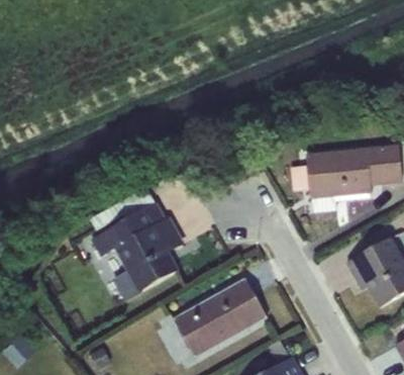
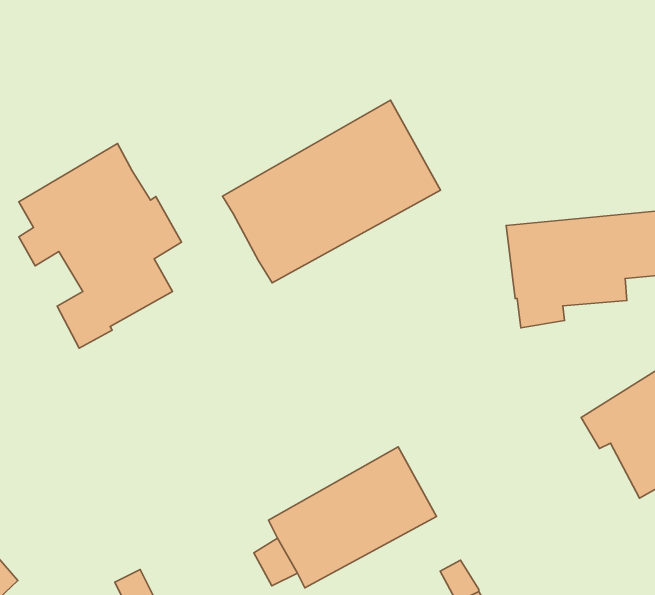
building: none -> [222,100,441,283]
building: [91,188,181,301] -> [19,143,182,348]

